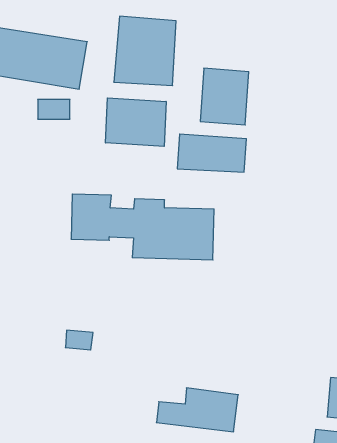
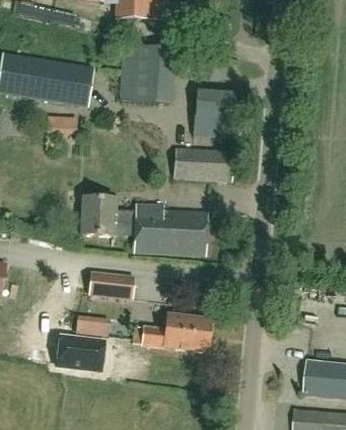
building: [106,98,166,146] -> none
building: none -> [90,271,136,298]
building: none -> [56,335,103,371]
building: [156,388,238,432] -> [140,313,212,352]

